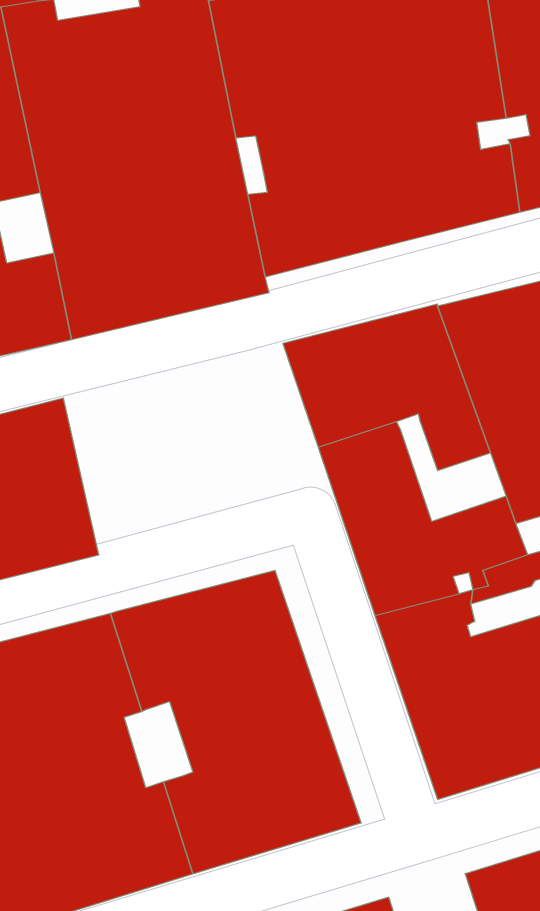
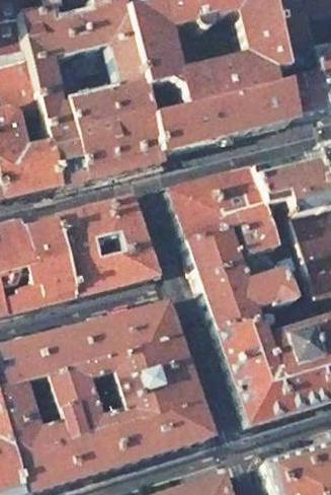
building: none -> [57,197,156,296]
building: none -> [231,227,285,279]

